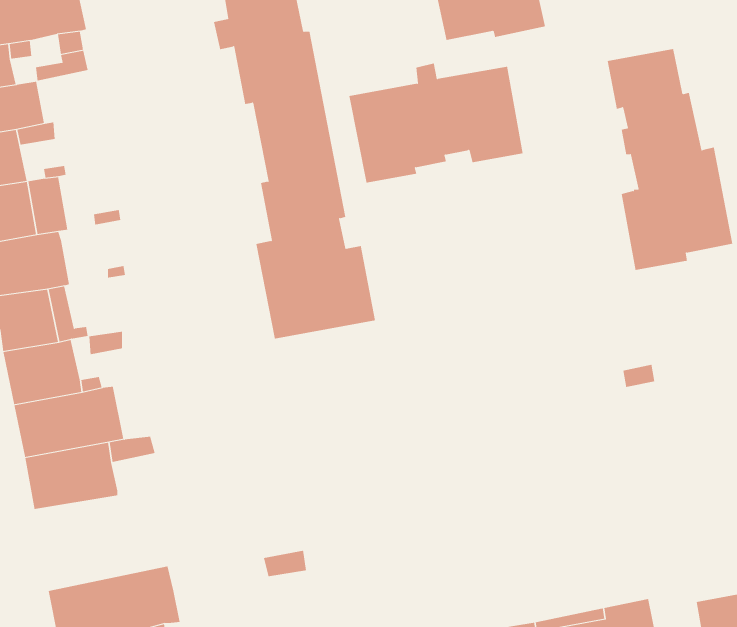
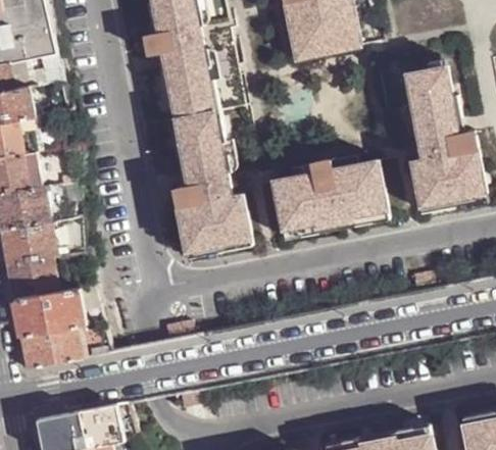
building: [348,63,523,183] -> [272,156,387,235]

